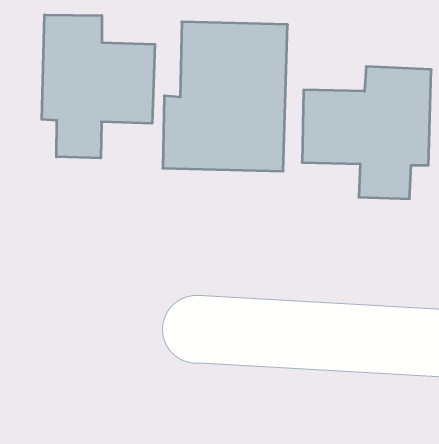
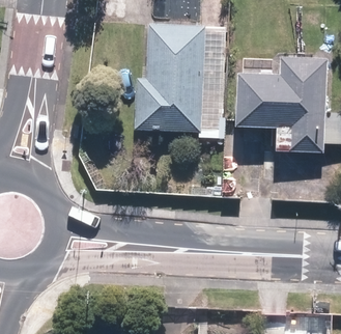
building: [42,15,155,158] -> none

